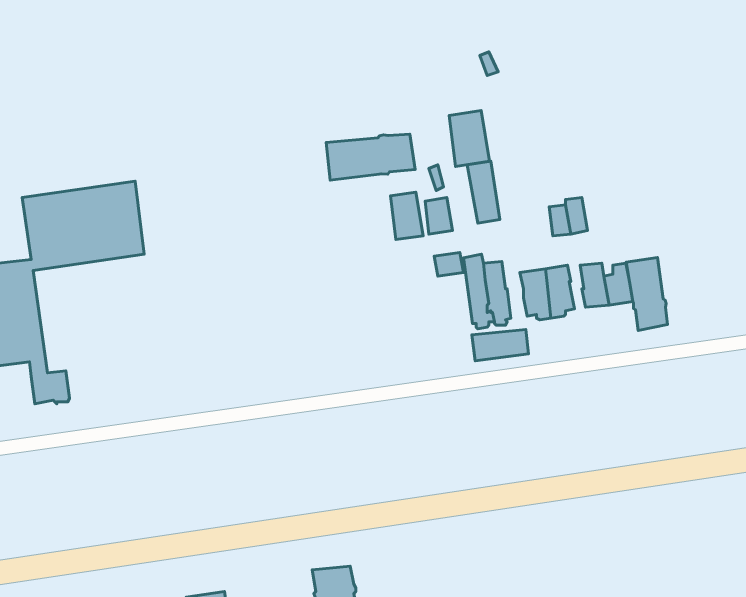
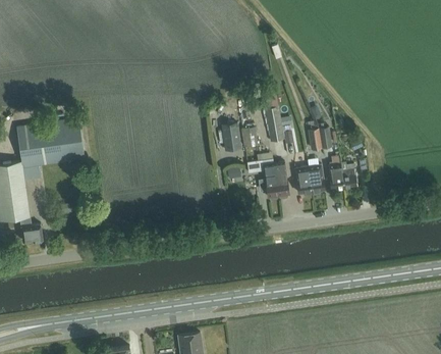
building: [449,111,490,167] -> none
building: [326,134,415,180] -> none
building: [626,257,668,331] -> none
building: [472,329,529,361] -> none

